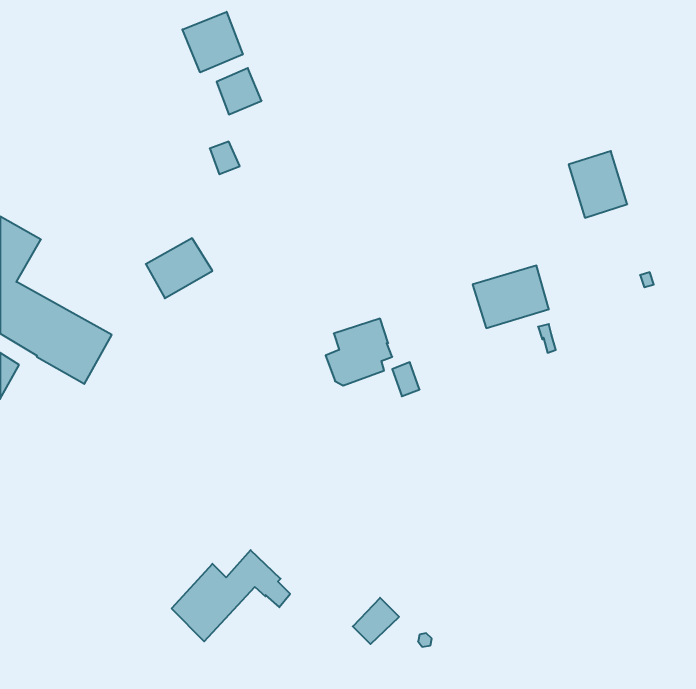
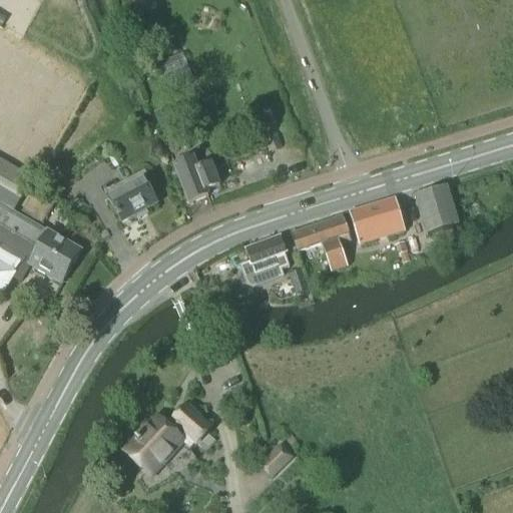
building: [182,12,243,72] -> none
building: [569,151,627,218] -> [415,183,458,232]
building: none -> [173,149,217,200]
building: none -> [290,212,351,269]

